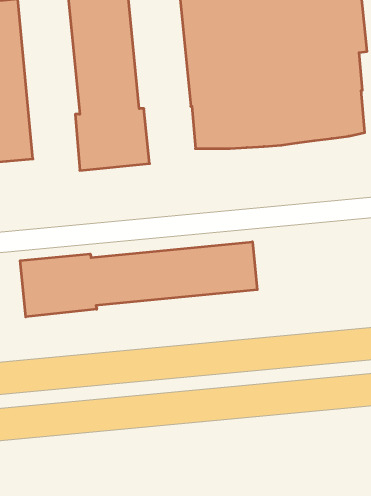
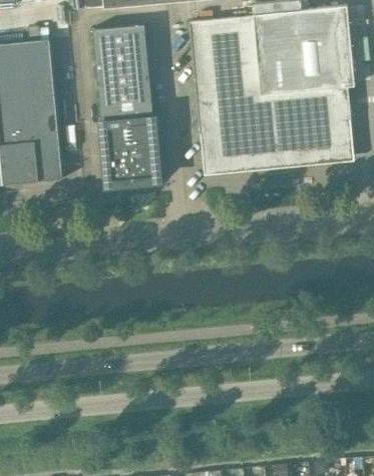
building: [20,242,257,317] -> none

